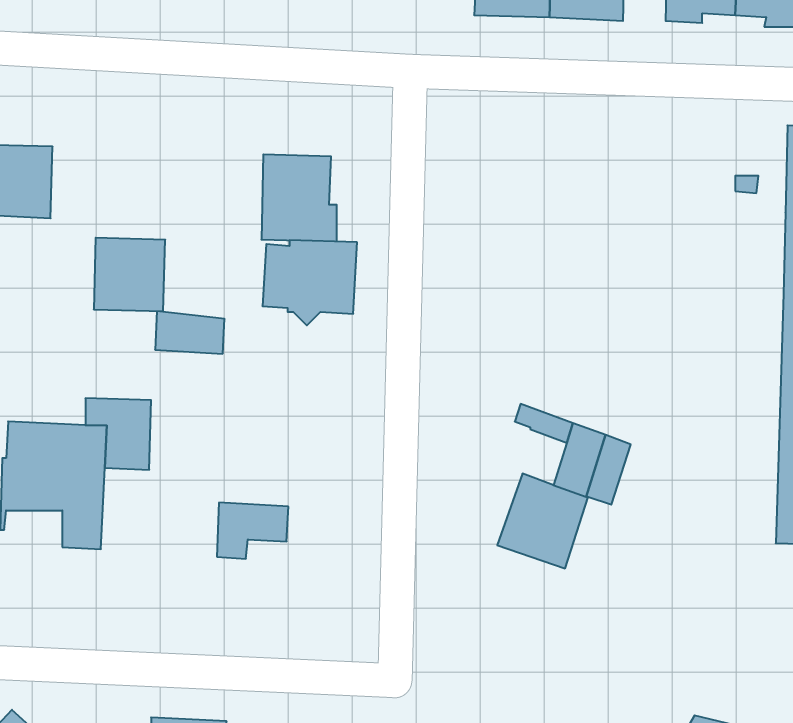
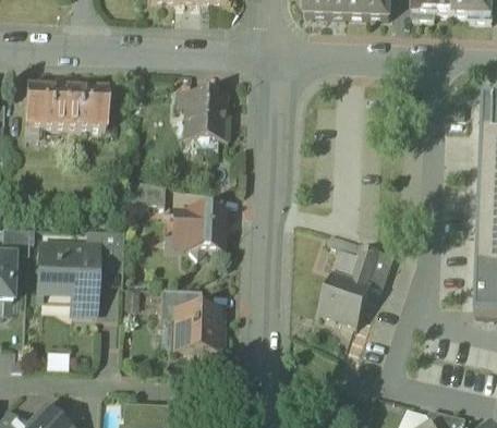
building: [94,238,165,311] -> [66,87,107,129]
building: [262,240,357,325] -> [171,209,225,257]
building: none -> [175,308,222,352]

